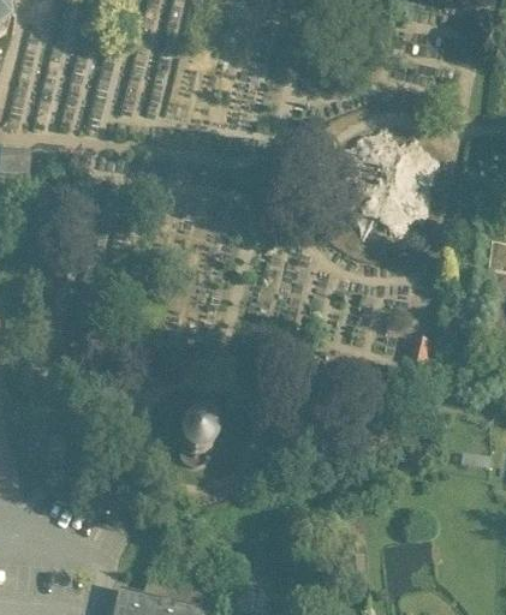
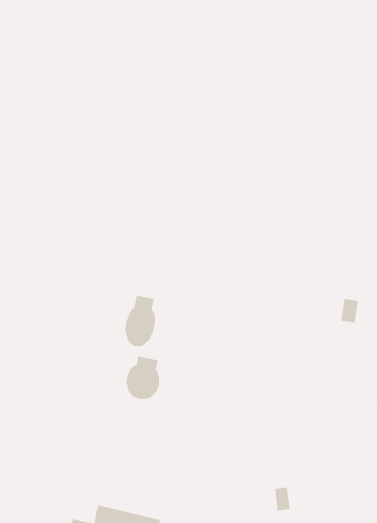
building: none -> [125,295,155,347]

